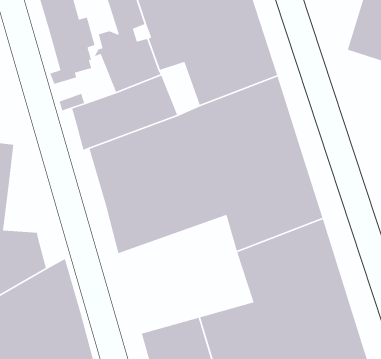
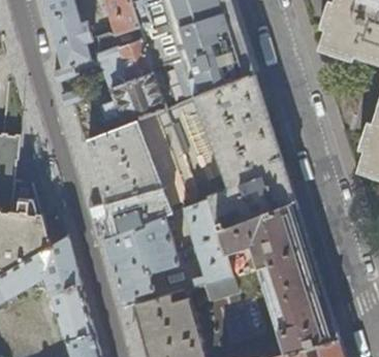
building: none -> [103,199,232,306]

